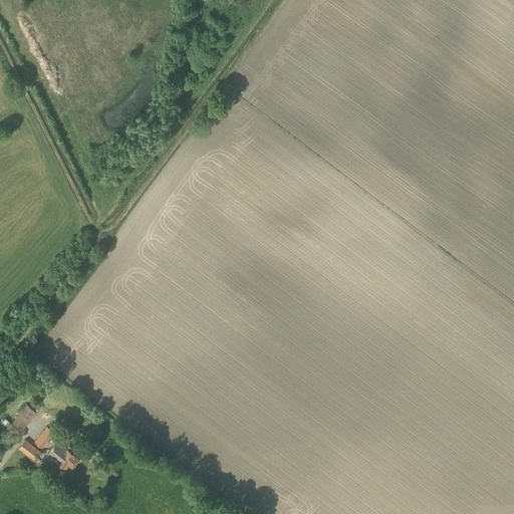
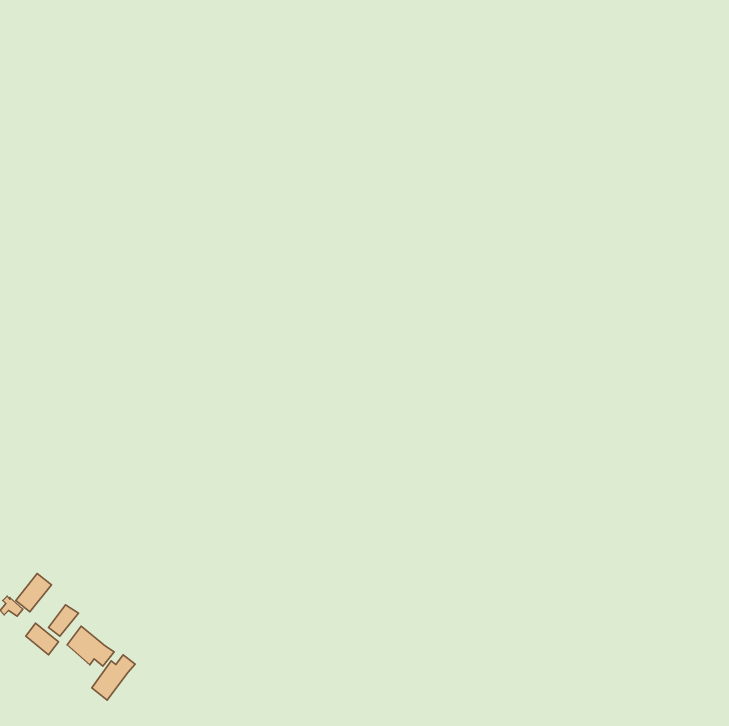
building: none -> [92,655,135,700]

